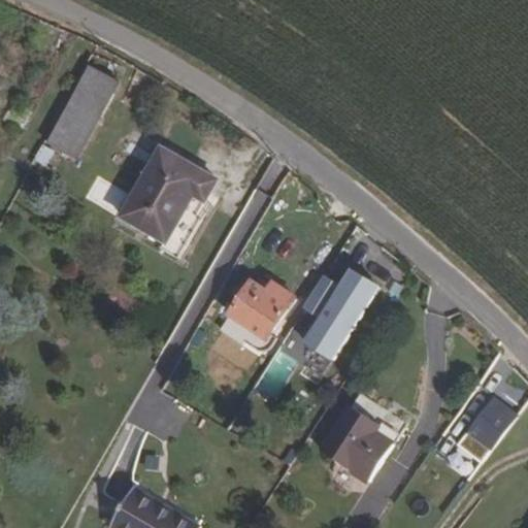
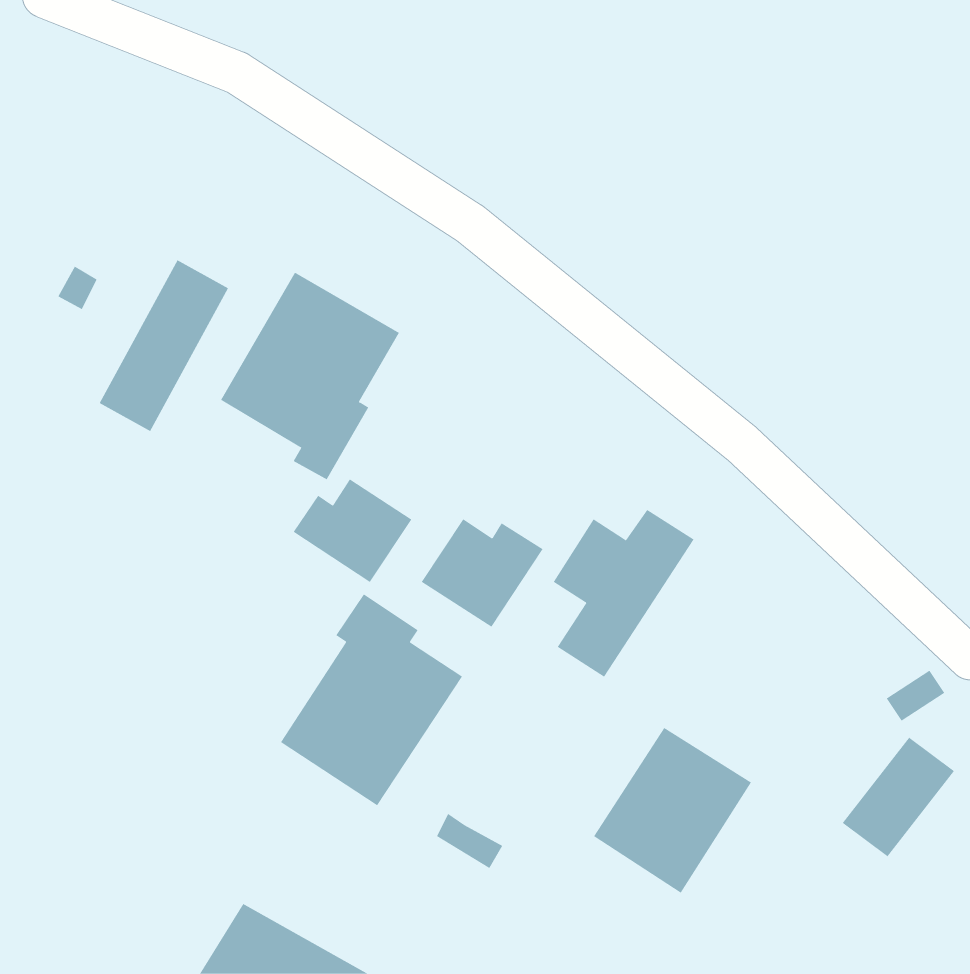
building: [46,65,117,158] -> [99,259,229,432]
building: none -> [293,479,412,583]
building: none -> [280,594,463,806]

